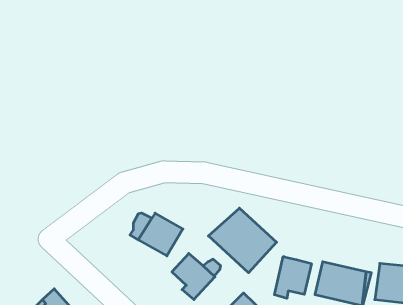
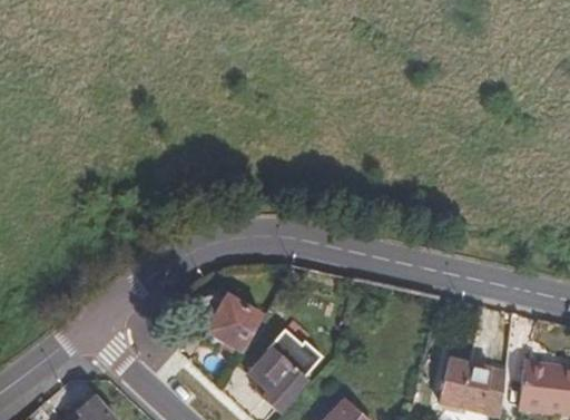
building: [208,208,277,273] -> none
building: [274,257,311,298] -> none

